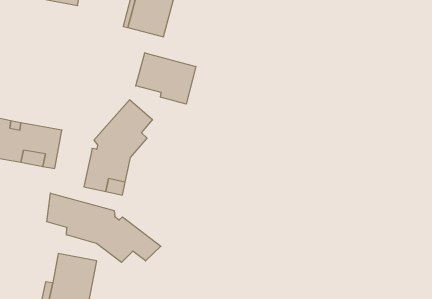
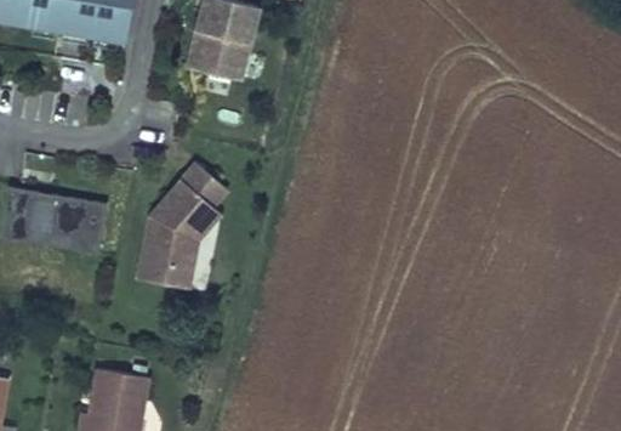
building: [136,53,196,104] -> none
building: [47,193,161,262] -> none

